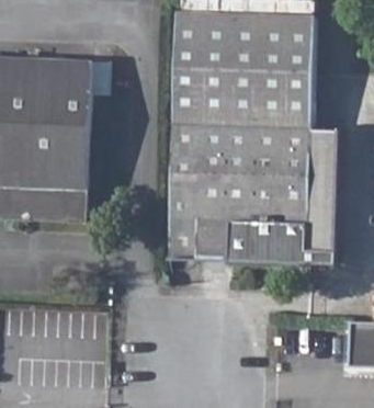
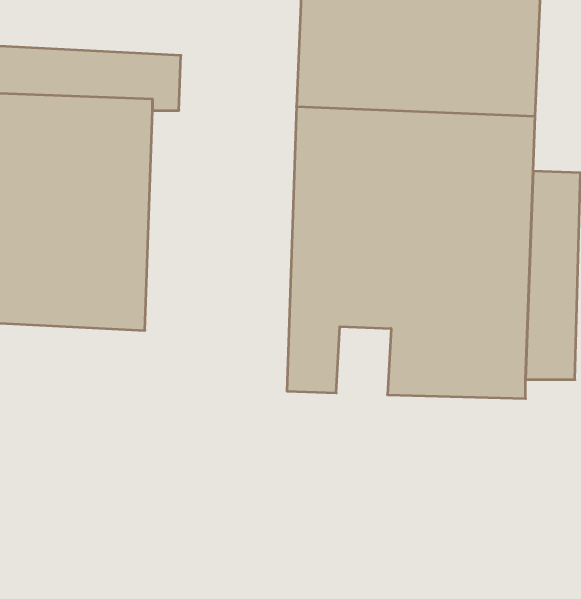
building: [196,218,228,258] -> none

